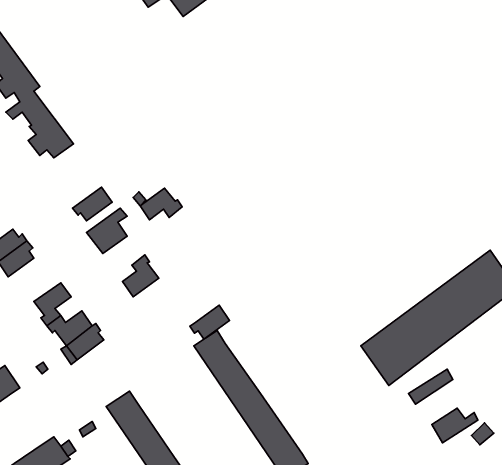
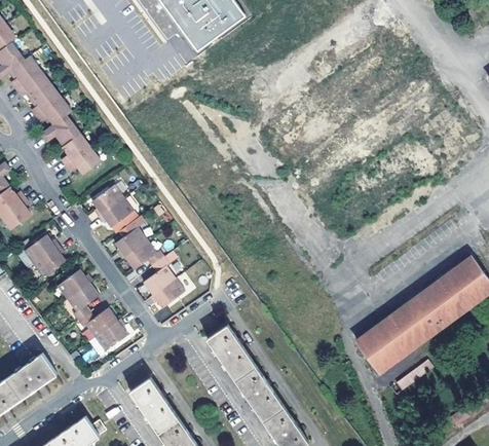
building: none -> [93,186,125,218]
building: [140,188,182,220] -> [126,243,163,270]
building: none -> [57,271,92,300]
building: [190,305,230,339] -> [150,280,185,309]
building: [432,408,478,443] -> none

